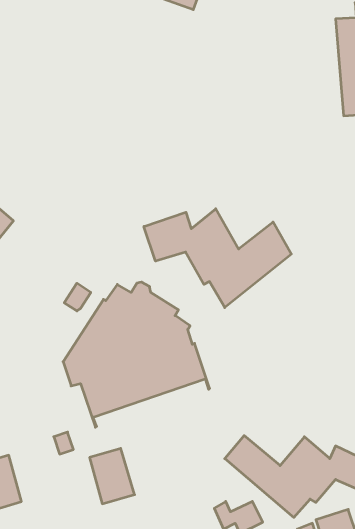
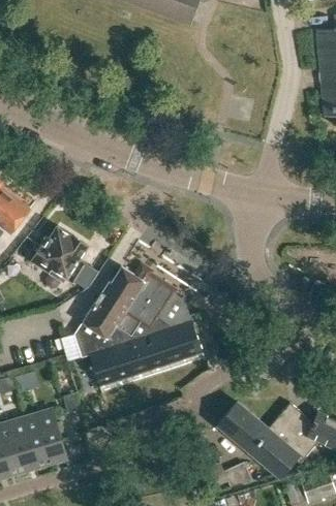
building: [144,209,291,308] -> none
building: none -> [31,227,86,279]
building: [90,448,135,504] -> [24,412,64,462]

